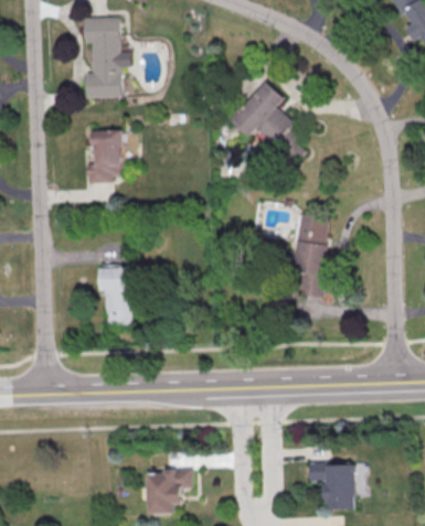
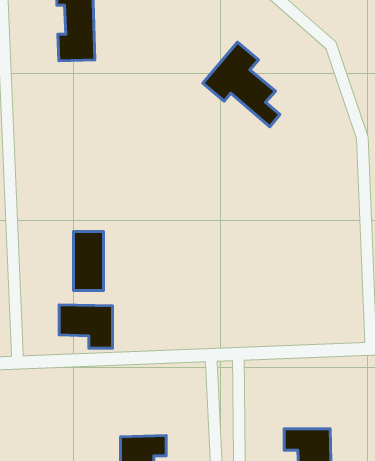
building: [86,130,121,182] -> none
building: [293,214,329,297] -> none
building: none -> [59,305,112,348]

